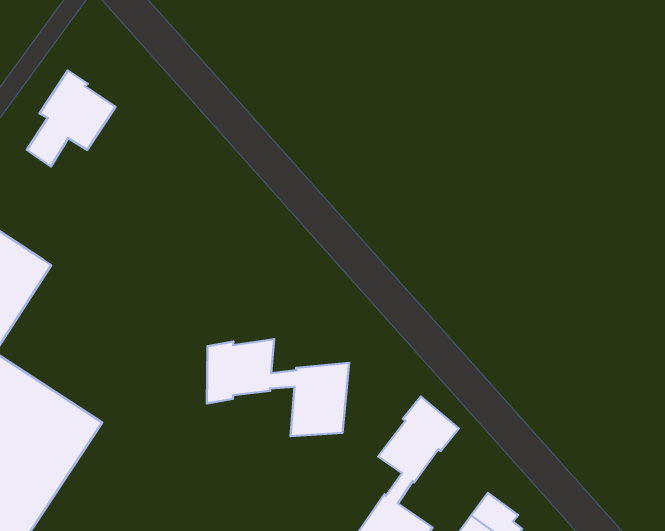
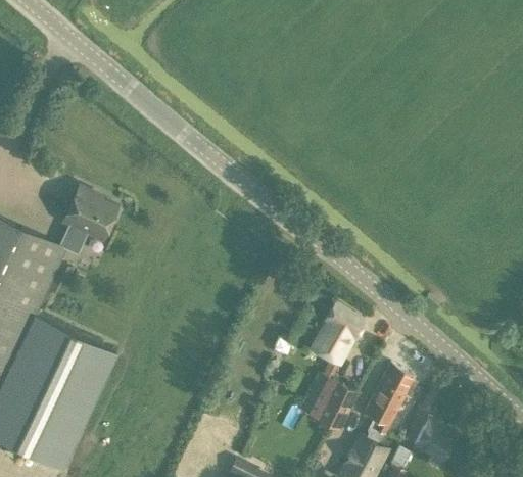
building: [27,71,116,167] -> [58,189,115,257]
building: [207,339,349,436] -> none

